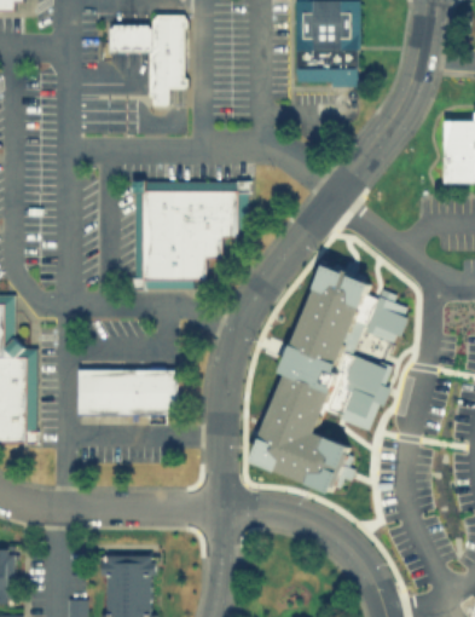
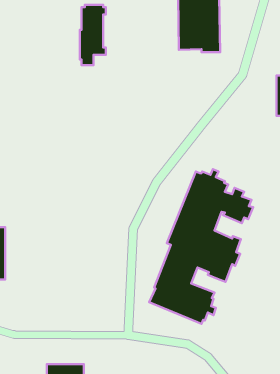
building: [109,25,151,52] -> none
building: [132,180,247,288] -> none
building: [77,368,175,415] -> none

